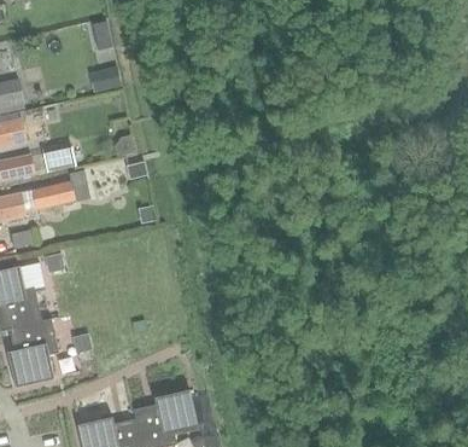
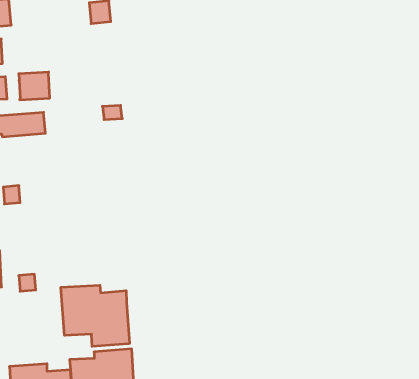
building: none -> [61,285,130,346]

